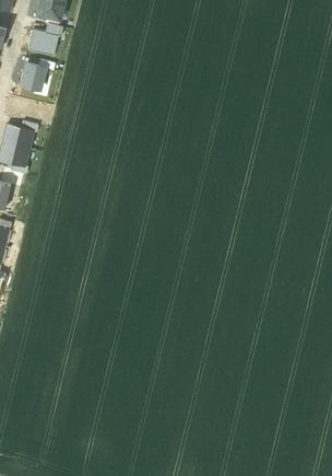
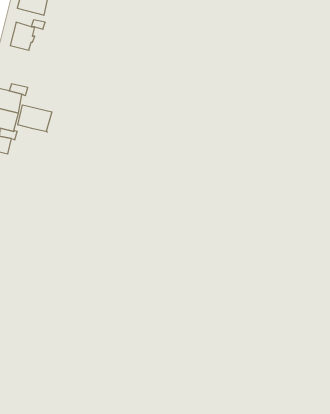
building: none -> [18,105,52,132]

